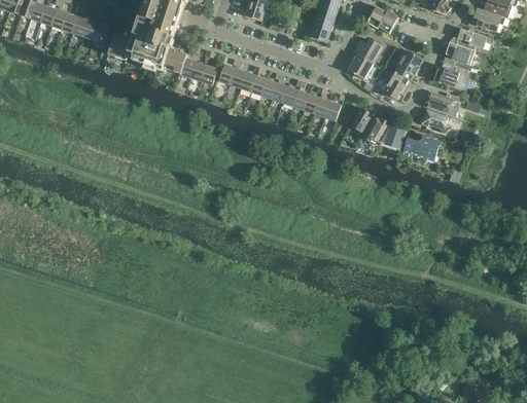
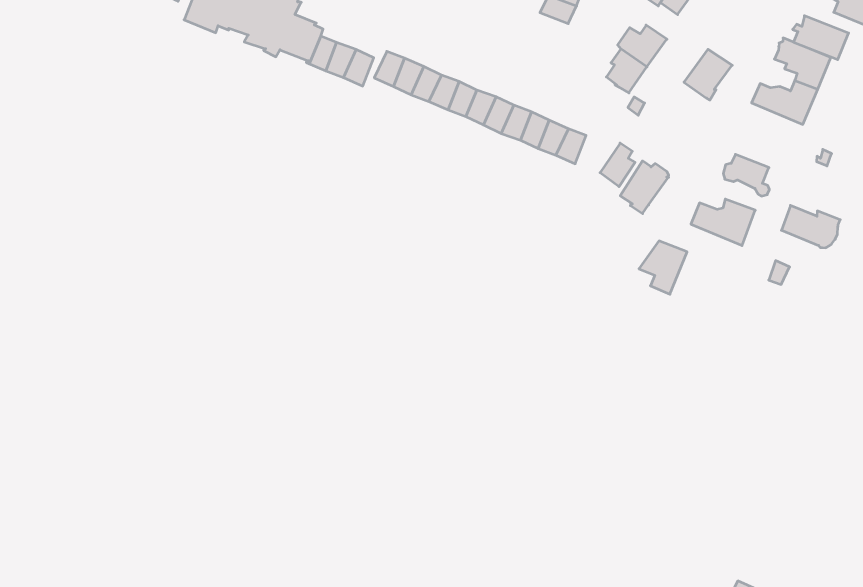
building: [378,67,408,100] -> none
building: [424,89,457,112] -> [781,205,840,248]
building: [378,123,405,153] -> [639,241,687,294]

